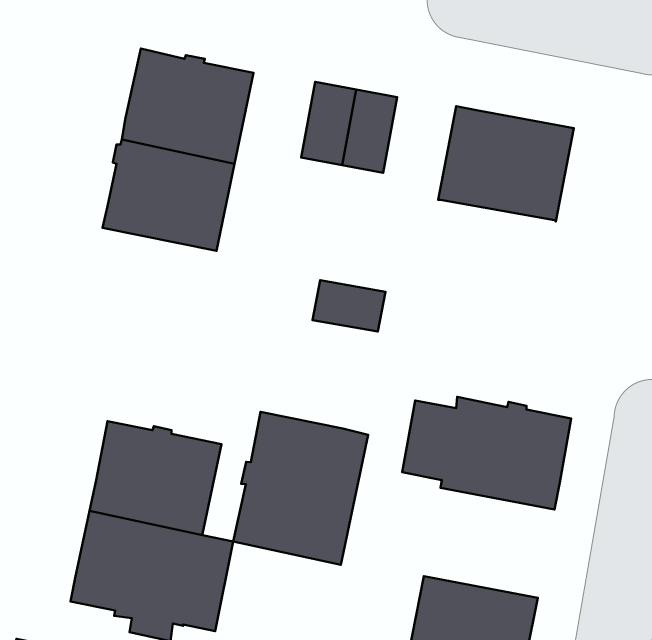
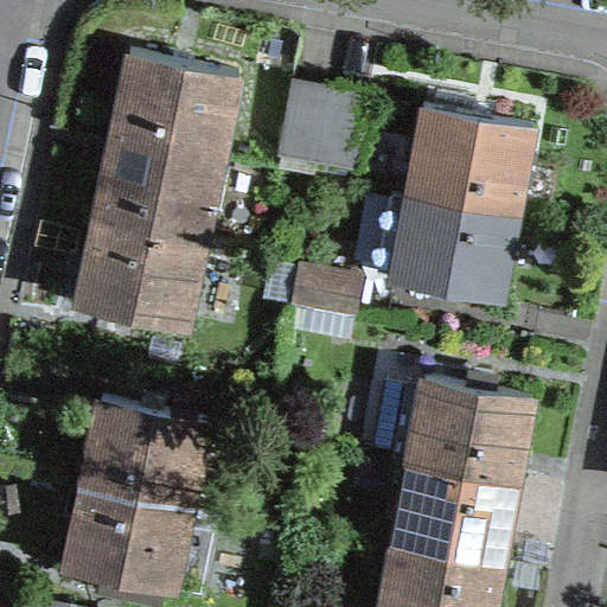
building: none -> [392,198,513,301]
building: none -> [78,224,200,330]
building: [233,412,368,565] -> none
building: none -> [392,465,513,567]

